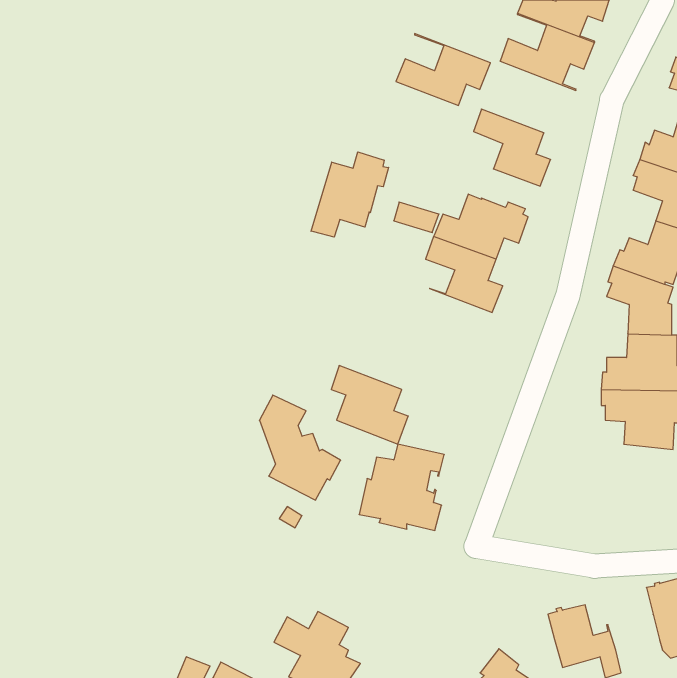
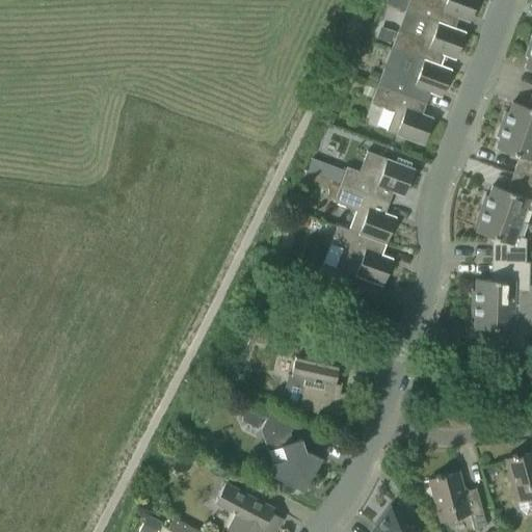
building: [396,34,490,105] -> [378,49,452,105]
building: [311,152,389,237] -> none
building: [331,366,408,444] -> [331,227,392,288]
building: [259,395,341,500] -> [261,410,324,493]

